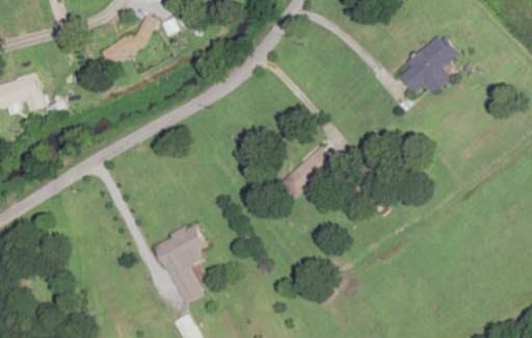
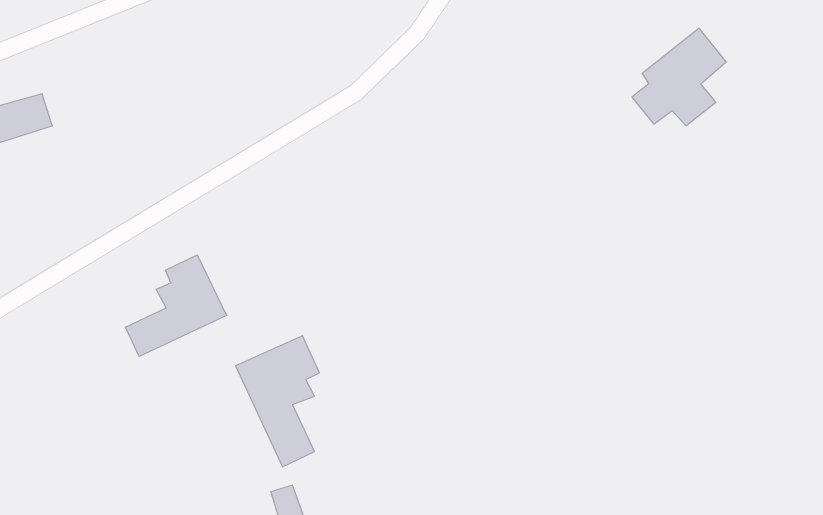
building: [281,147,335,198] -> none
building: none -> [126,255,227,356]

